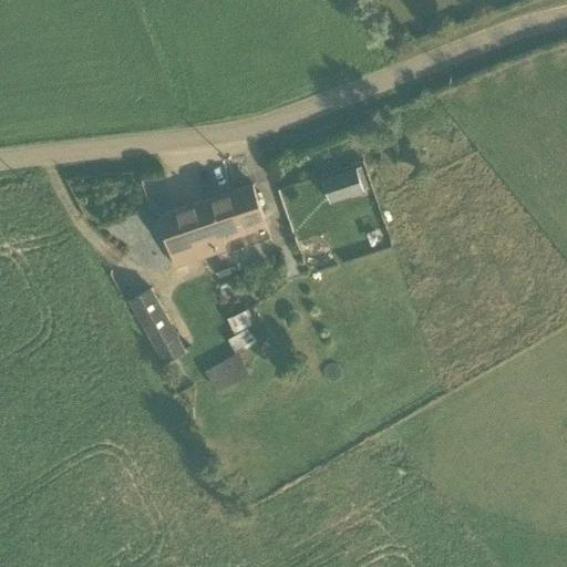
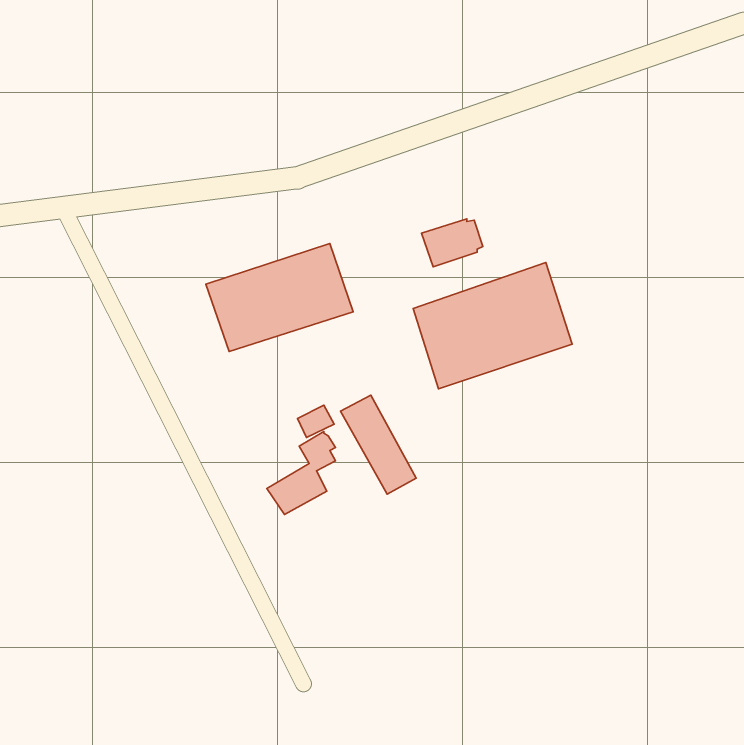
building: none -> [413,263,572,389]
building: [126,287,184,362] -> [340,395,416,494]

